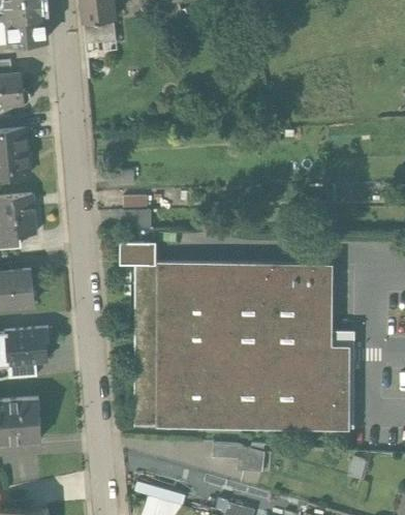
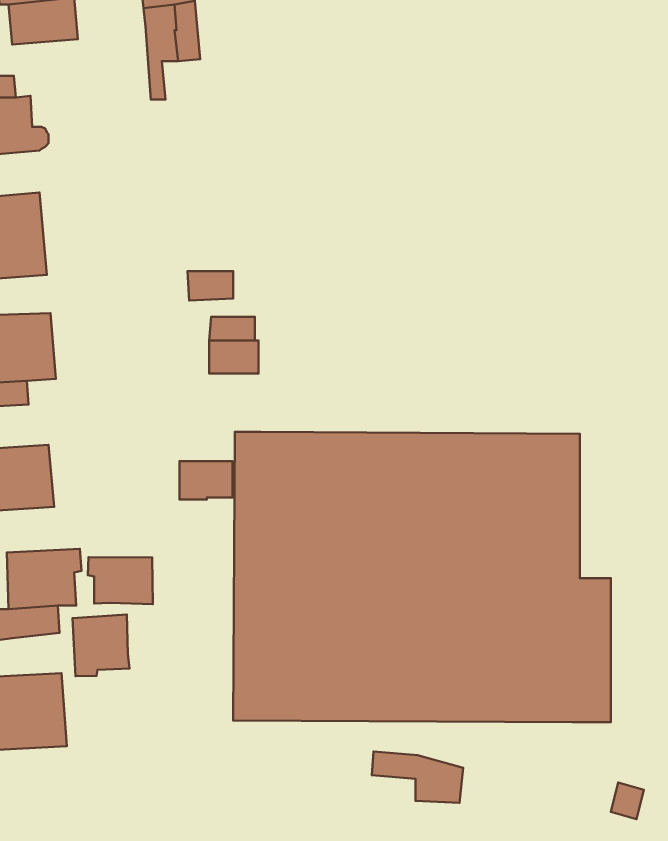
building: [120,242,150,264] -> [179,461,232,499]
building: none -> [88,557,153,604]
building: none -> [72,615,129,676]

